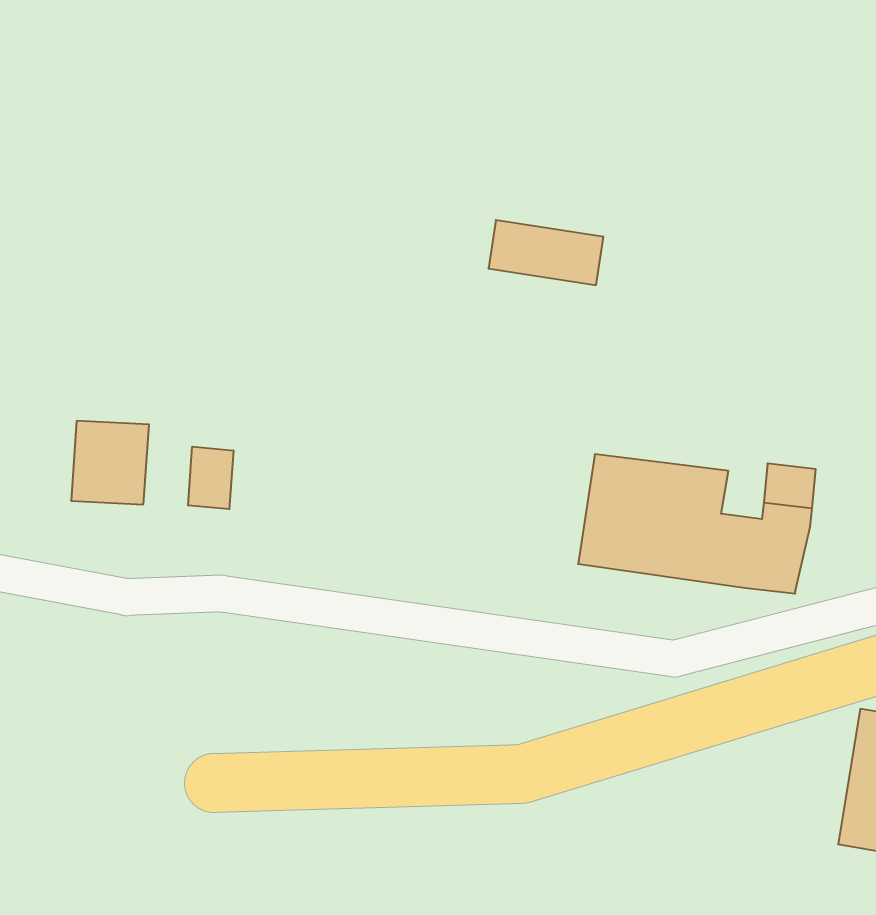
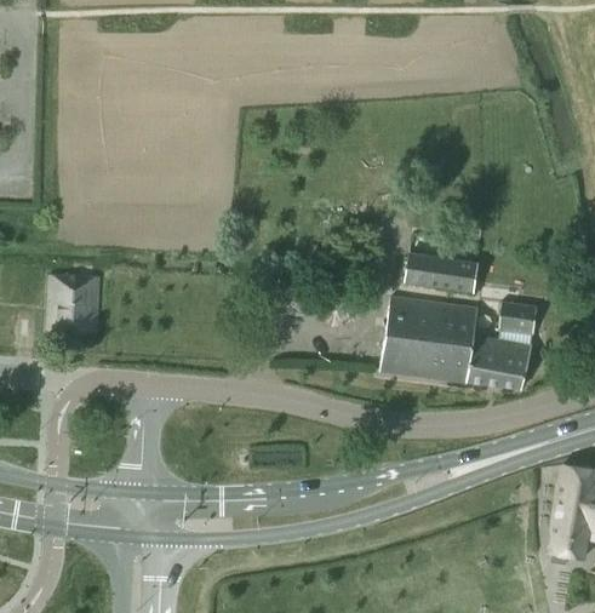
building: [488,220,603,285] -> [404,252,479,294]
building: [188,447,233,509] -> none

